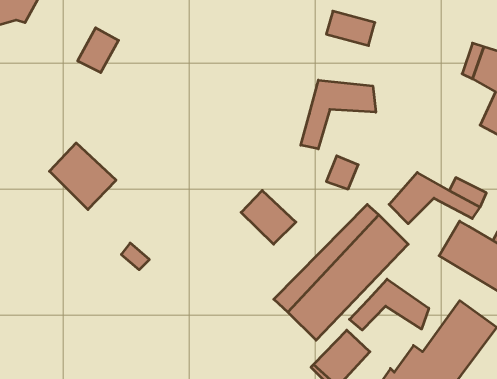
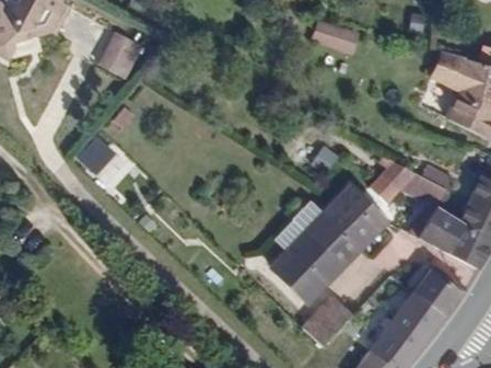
building: [301,80,376,149] -> none
building: [241,190,296,244] -> none
building: [349,279,429,330] -> none

